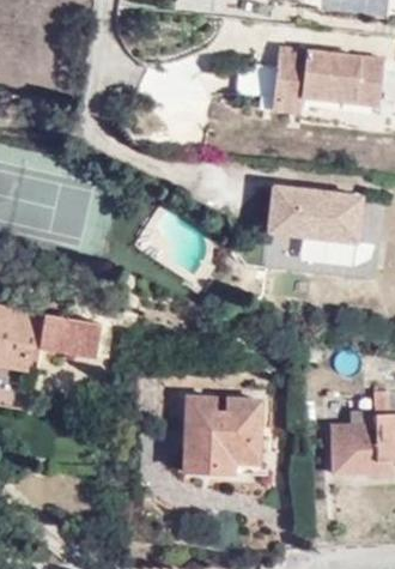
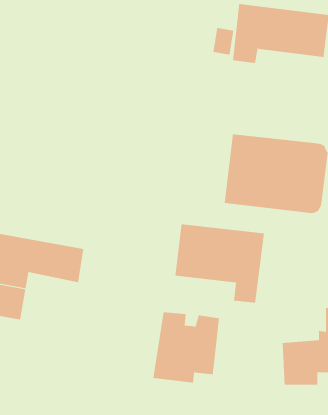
building: none -> [175,223,264,304]

